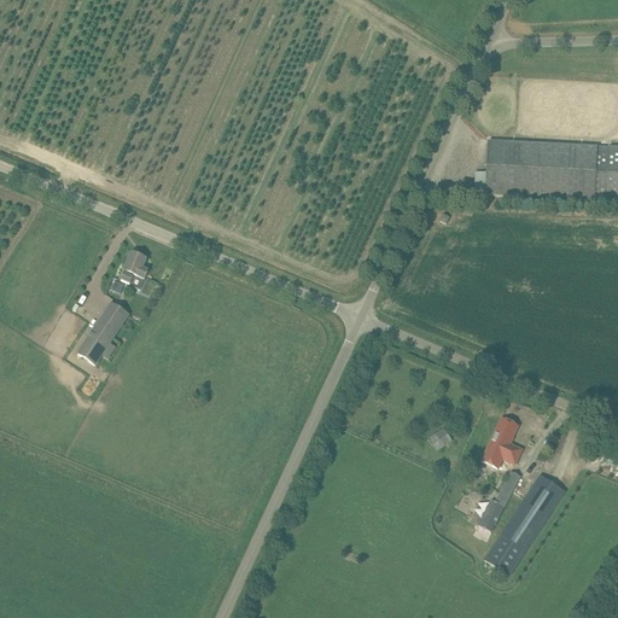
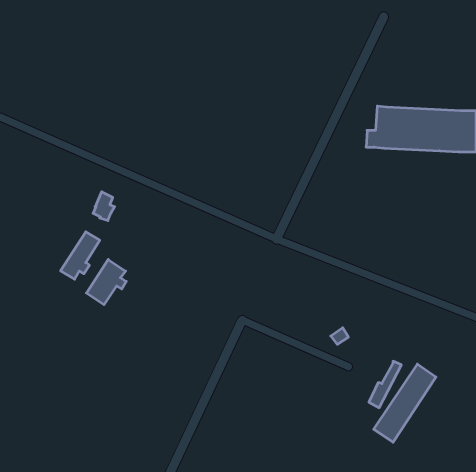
building: none -> [86,259,126,305]
building: [482,415,521,465] -> none

